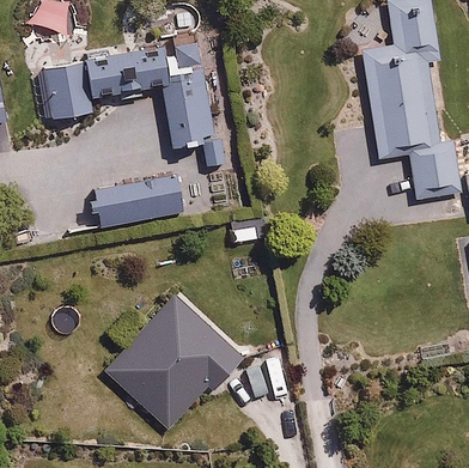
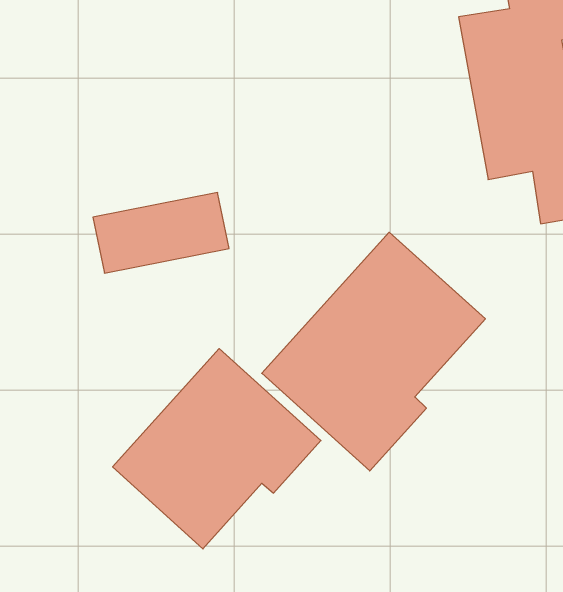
building: [36,42,214,153] -> none
building: none -> [262,232,485,471]

